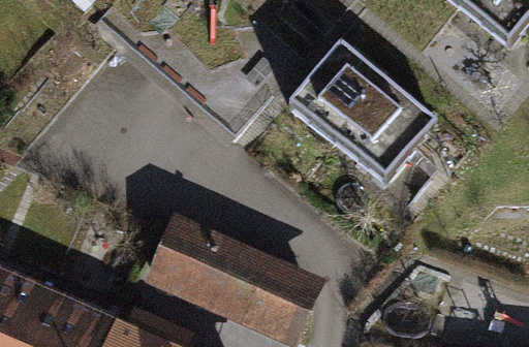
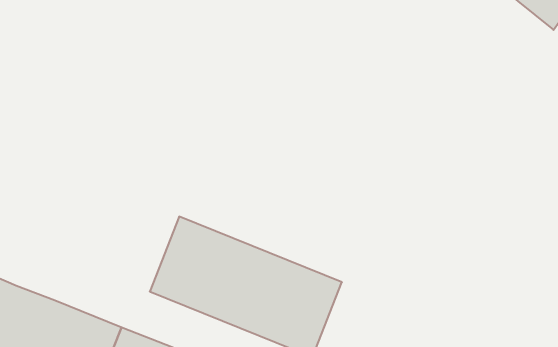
building: [297,49,444,186] -> none

